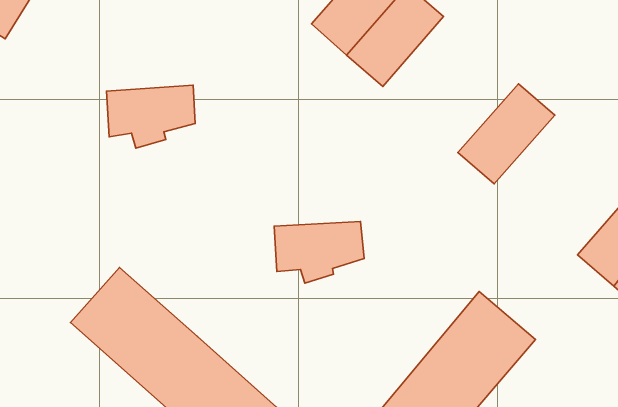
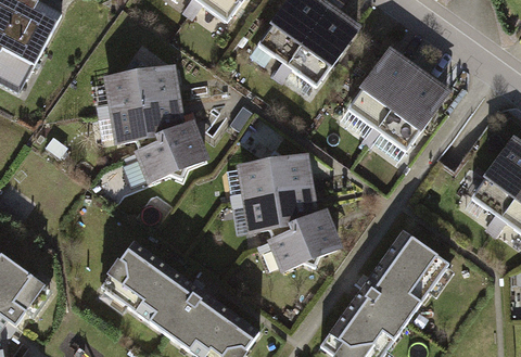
building: none -> [106,65,176,109]
building: none -> [350,52,418,128]
building: none -> [138,123,204,179]
building: none -> [241,153,310,196]
building: none -> [274,211,339,268]

